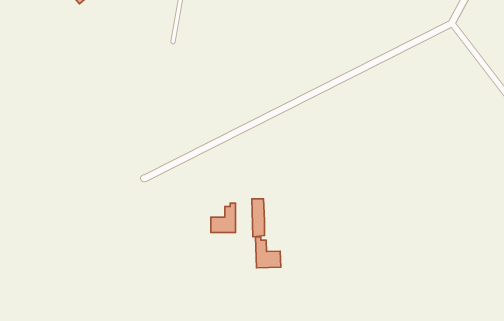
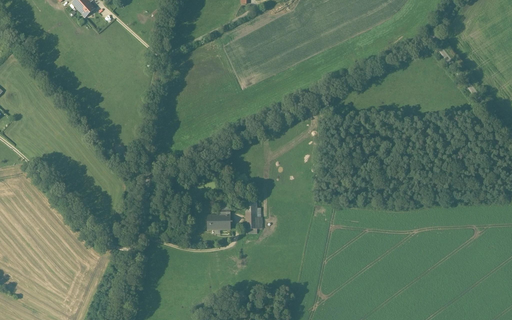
building: [255,237,281,268] -> none

